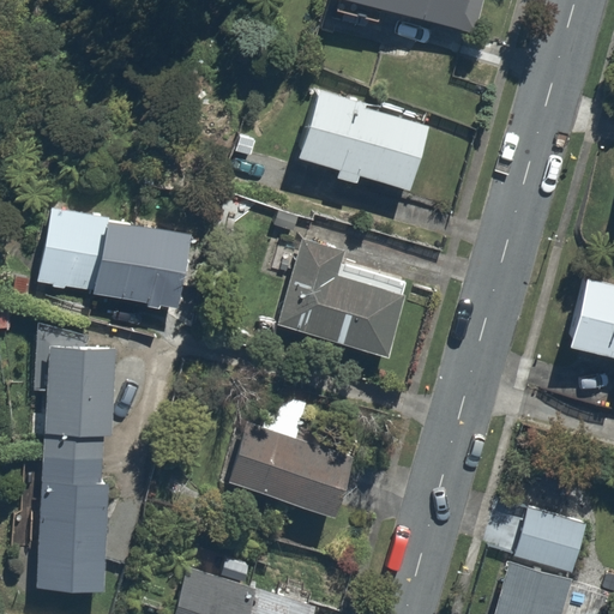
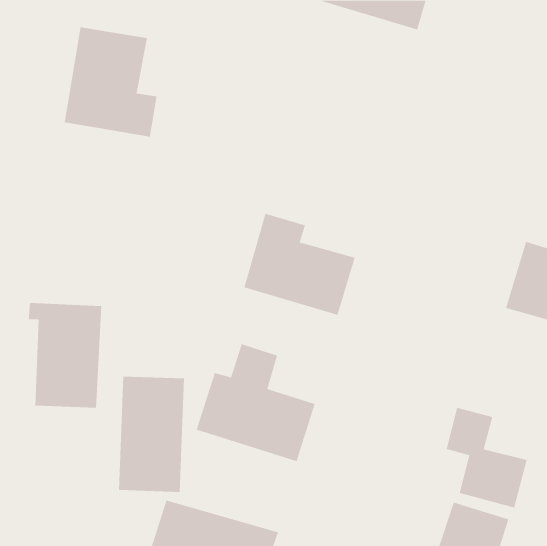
building: none -> [64,26,157,137]
building: [297,86,433,192] -> none
building: [38,209,195,307] -> none
building: [36,462,110,591] -> [118,376,185,492]

